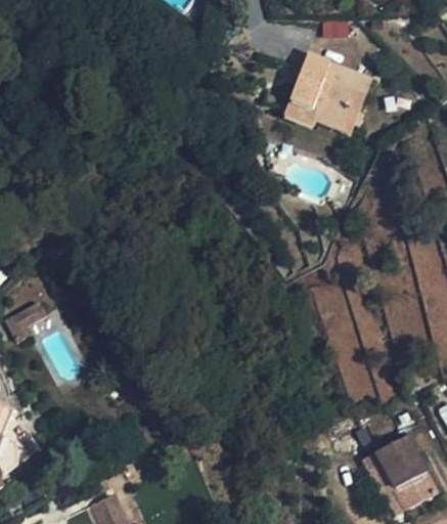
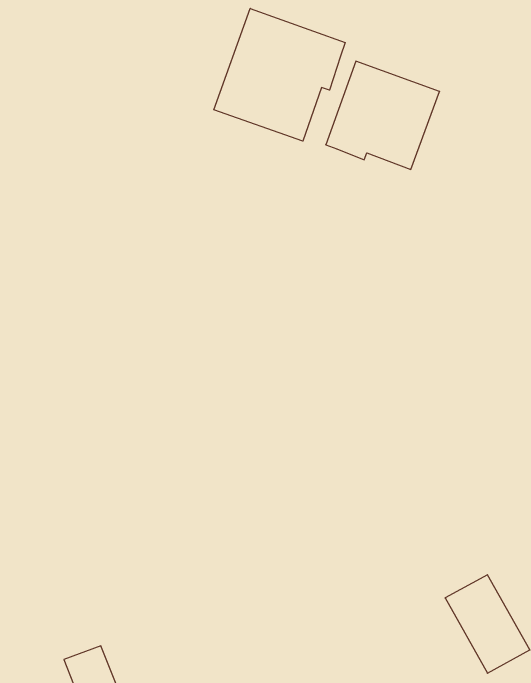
building: none -> [214,8,345,141]

